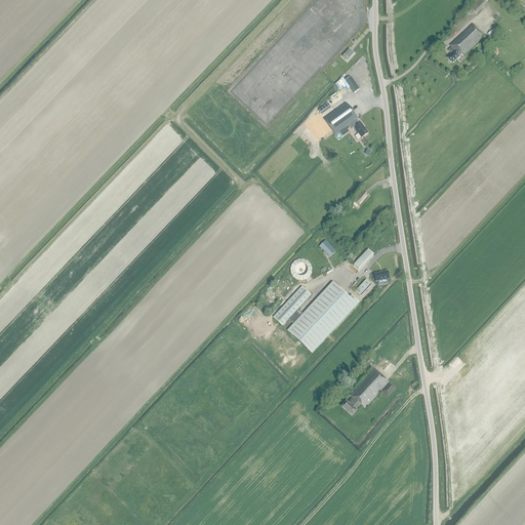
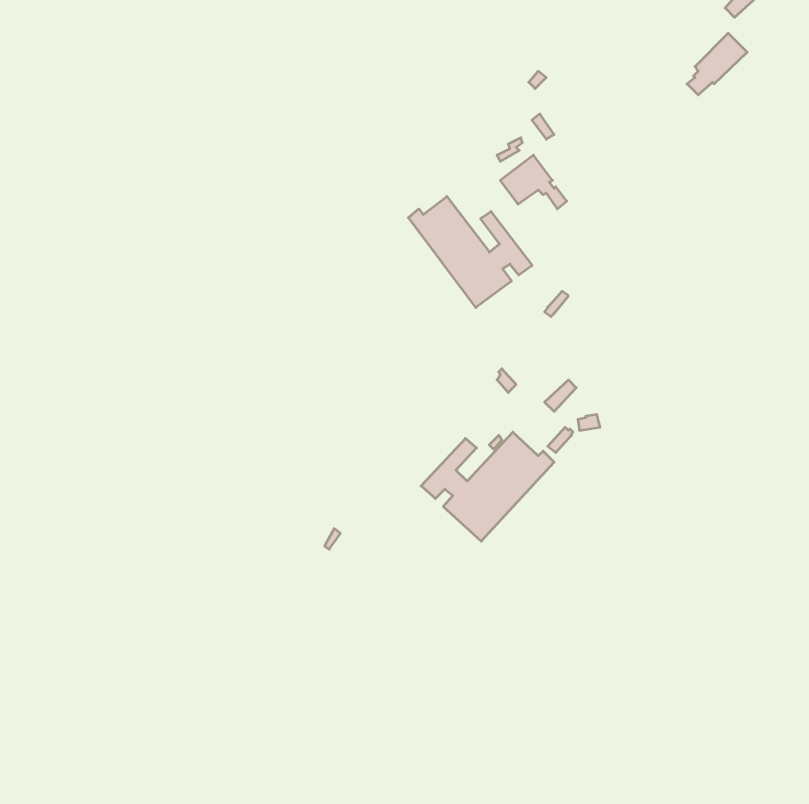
building: none -> [408,196,532,308]
building: [340,366,395,413] -> none

